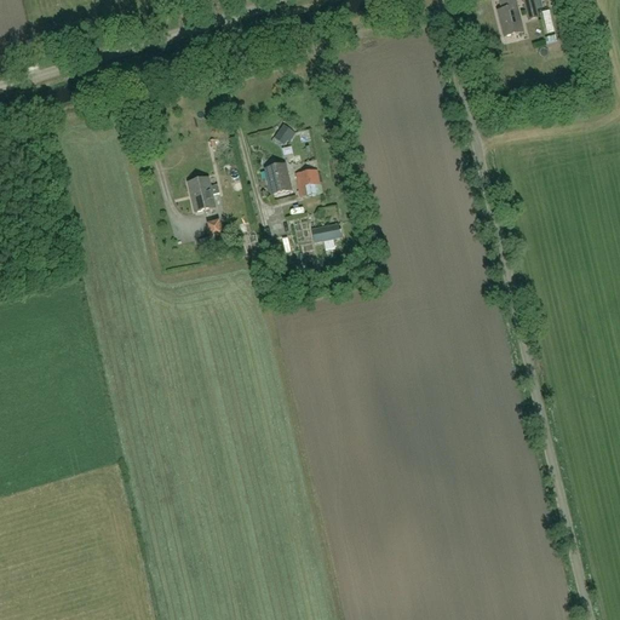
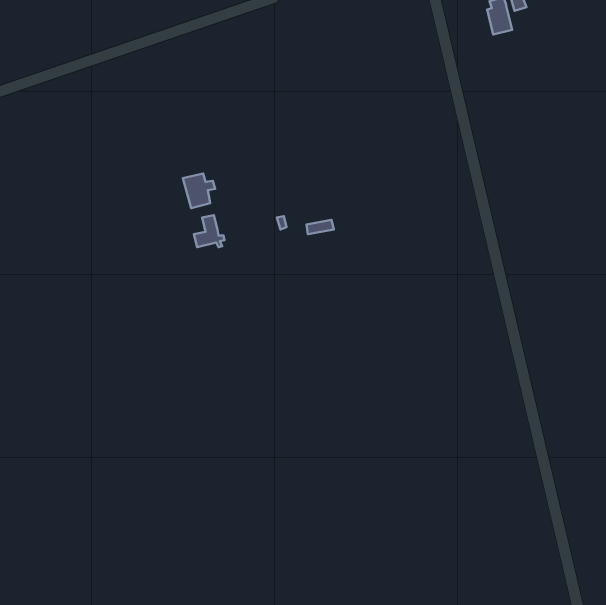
building: [264,163,291,194] -> none
building: [294,168,321,196] -> none

